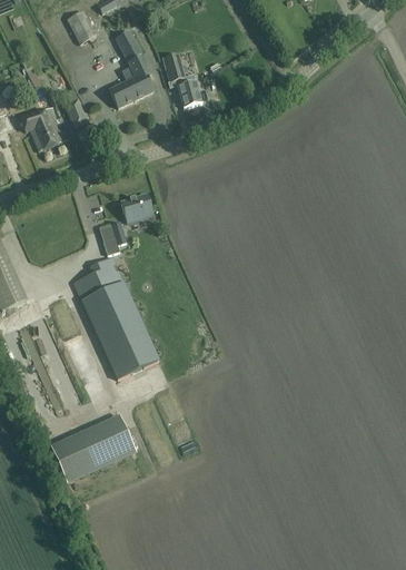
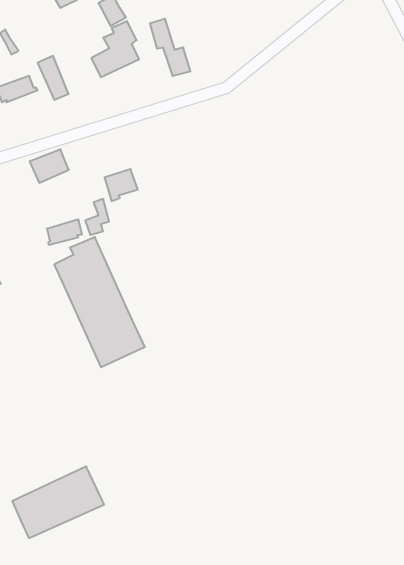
building: [30,120,67,151] -> [30,149,69,183]
building: none -> [47,219,82,245]
building: [50,414,136,481] -> [12,466,104,538]

